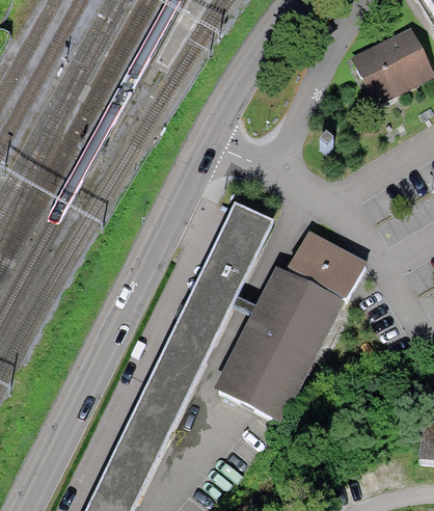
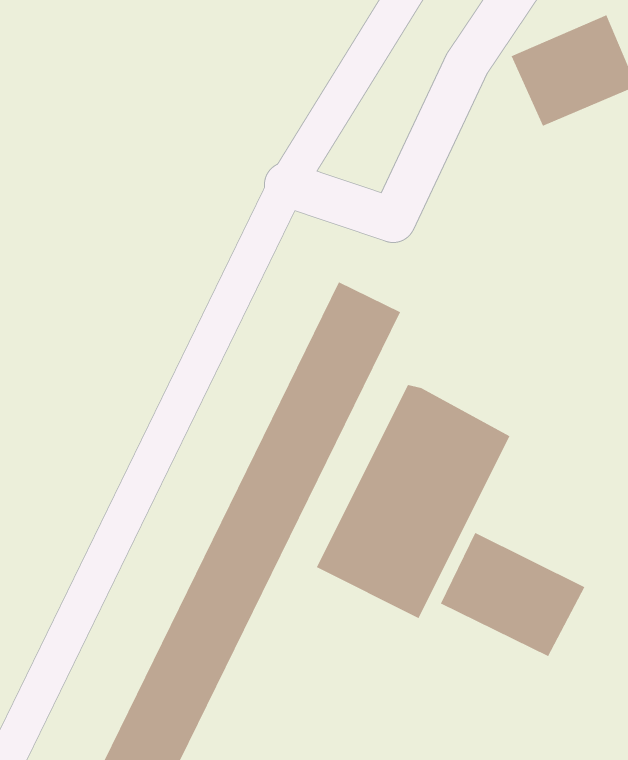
building: [289,227,369,300] -> none
building: none -> [440,532,585,657]

